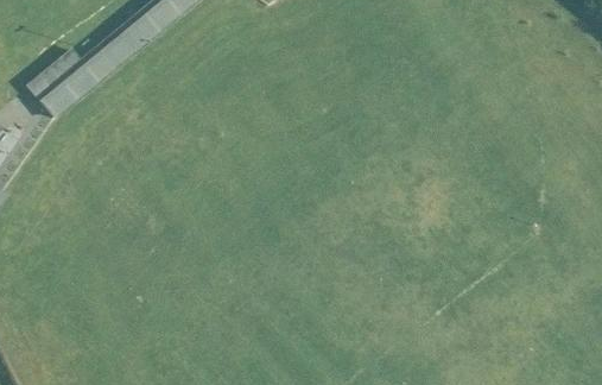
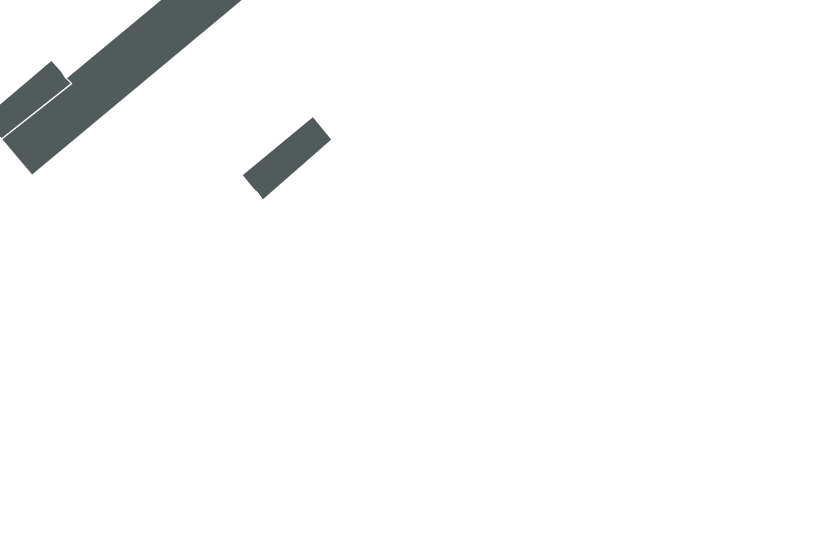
building: none -> [242,116,332,200]

